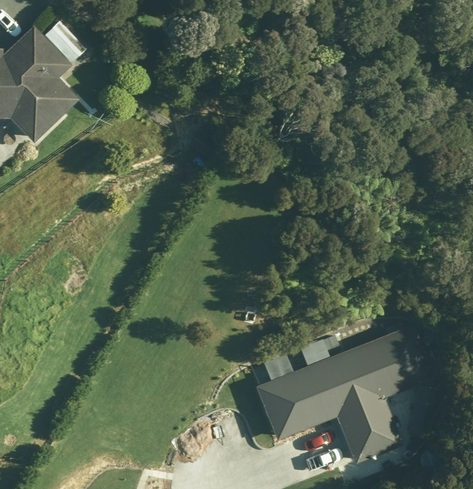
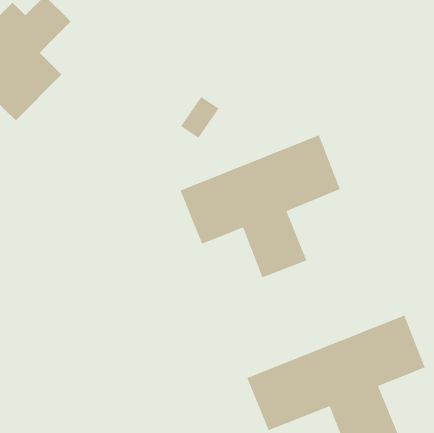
building: none -> [180,134,341,278]

